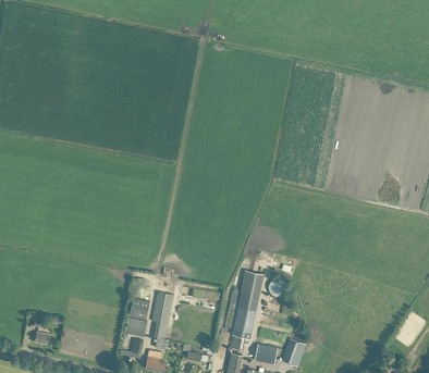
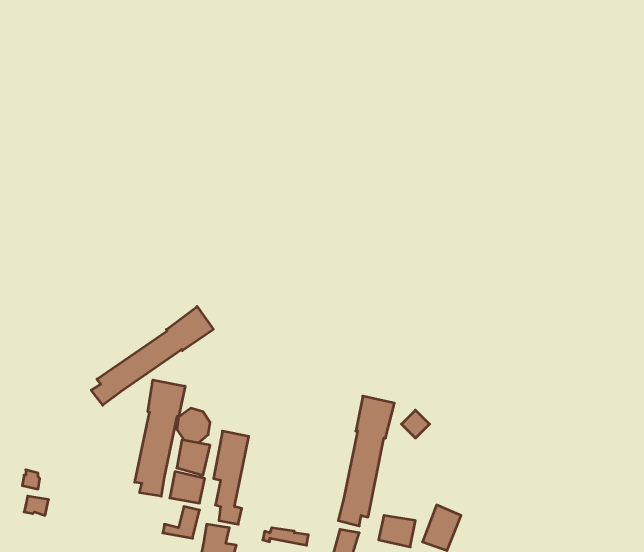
building: none -> [91,306,213,405]
building: none -> [135,380,185,496]

